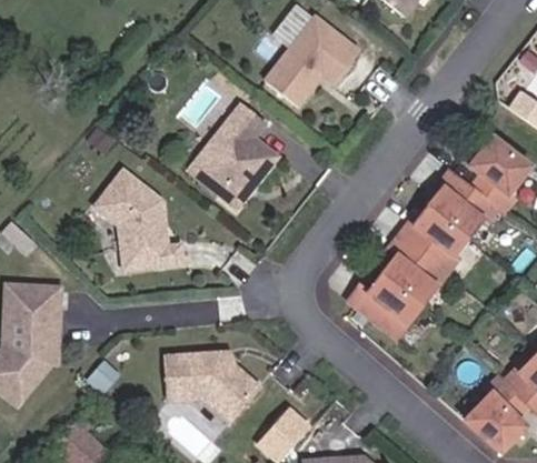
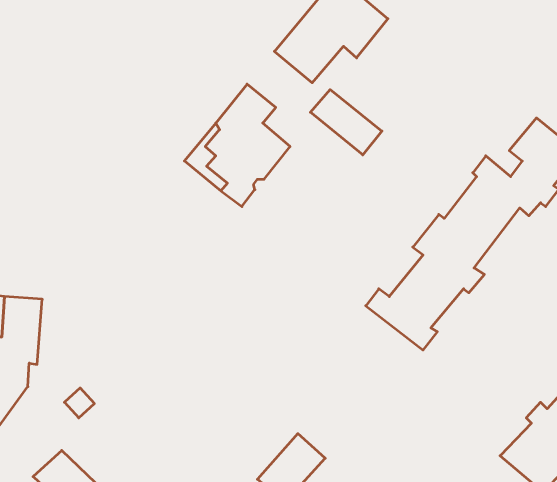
building: none -> [310,90,382,155]
building: [99,172,188,281] -> none
building: [165,352,258,421] -> none

